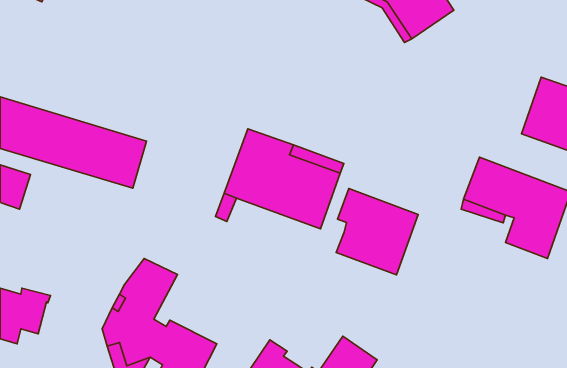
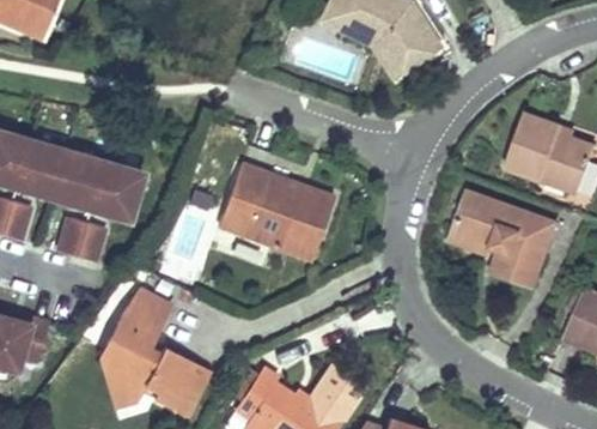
building: none -> [59,217,104,262]
building: [336,189,418,275] -> none

